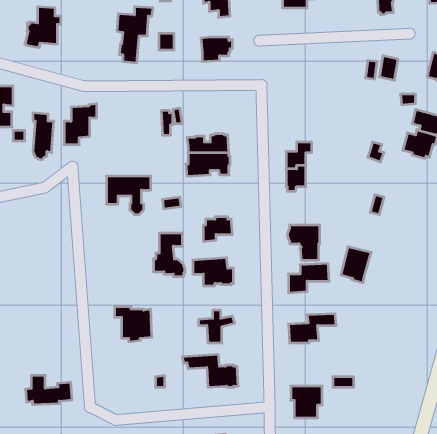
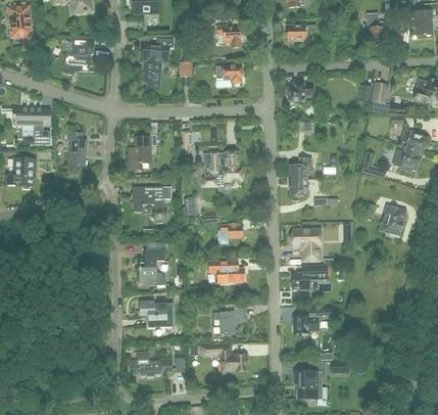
building: none -> [287,82,313,100]
building: [64,104,97,145] -> [129,133,157,169]
building: [153,233,185,276] -> [139,248,166,286]
building: [341,247,371,283] -> [380,204,406,236]
building: [25,375,72,405] -> [132,350,173,375]

